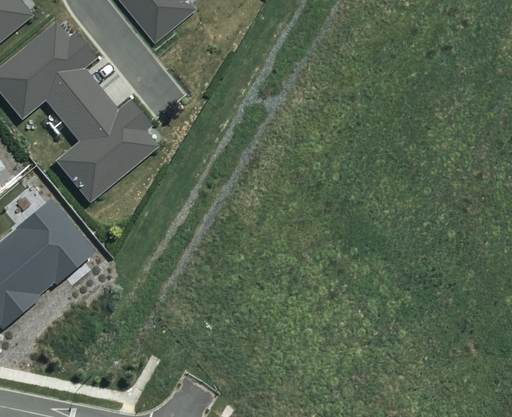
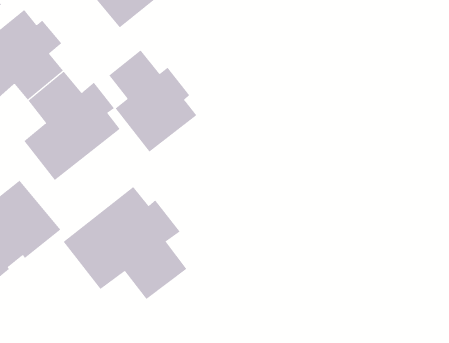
building: none -> [108,49,197,152]
building: none -> [63,186,187,300]

